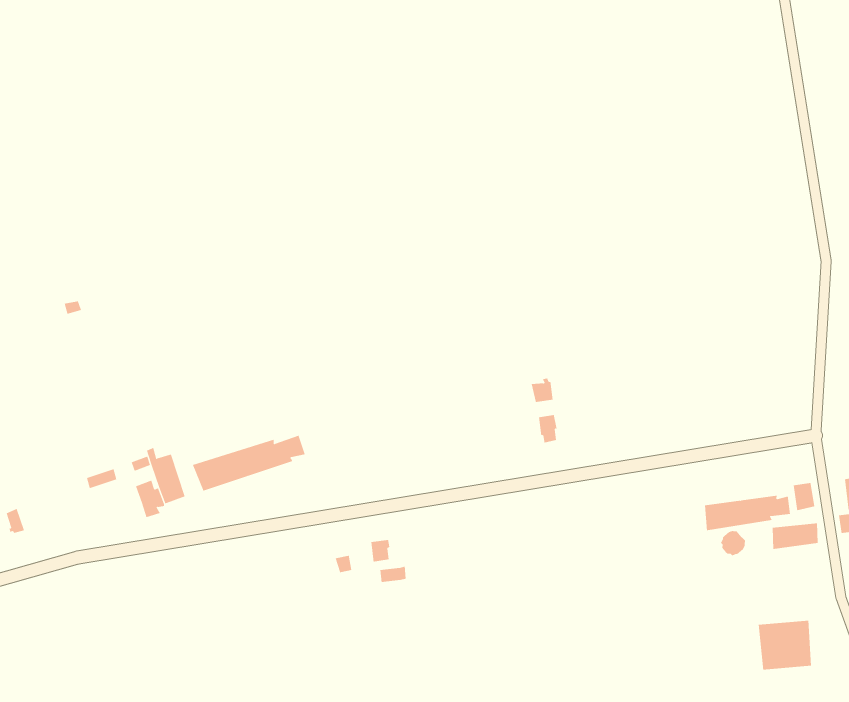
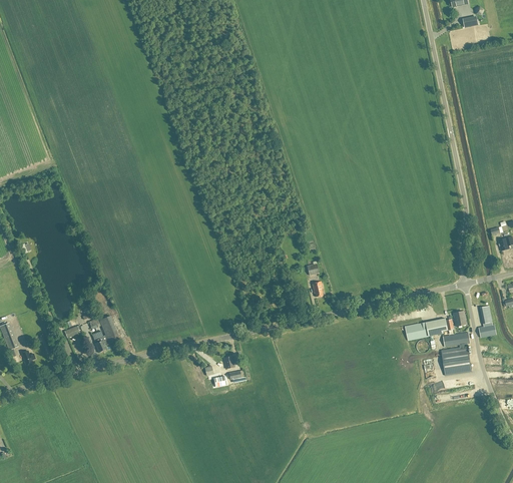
building: [192,435,305,491] -> none
building: [758,620,812,670] -> [440,348,471,377]

